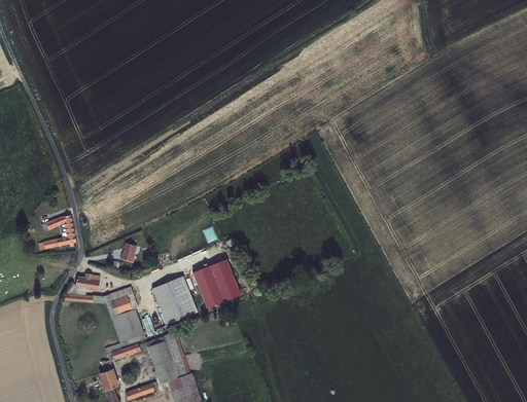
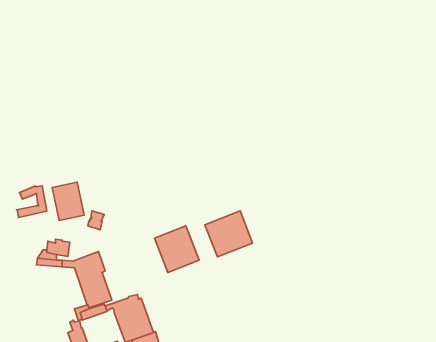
building: none -> [52,182,84,220]
building: none -> [205,211,253,257]
building: [151,276,197,324] -> none

